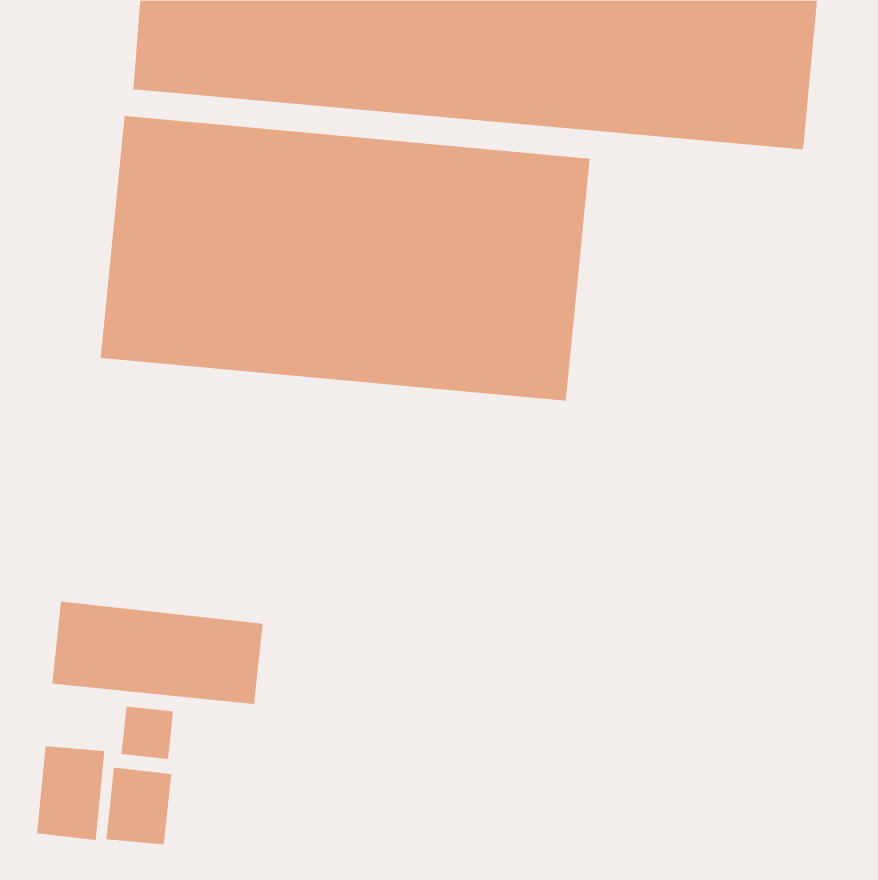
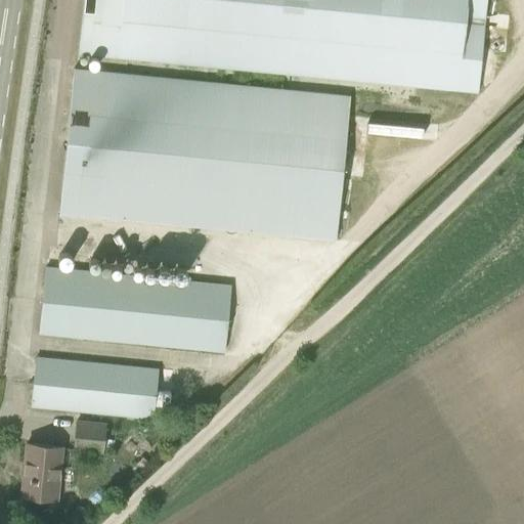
building: none -> [40,267,231,353]
building: [106,767,172,845] -> none

